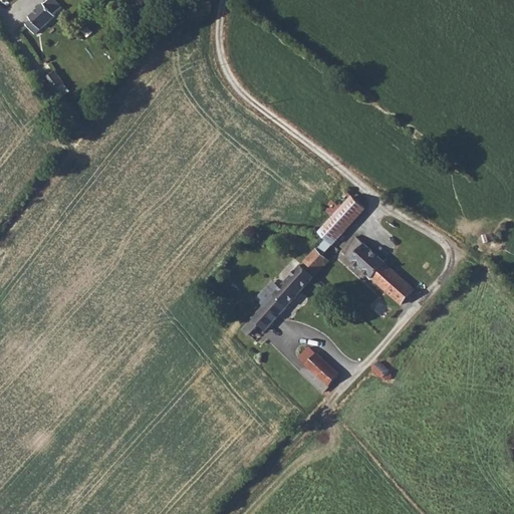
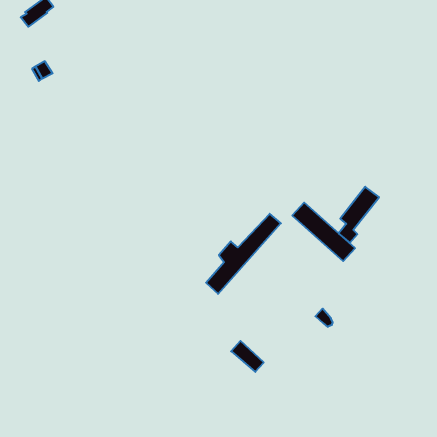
building: [314,195,361,260] -> [339,187,379,243]
building: [297,346,335,382] -> [231,341,264,372]

